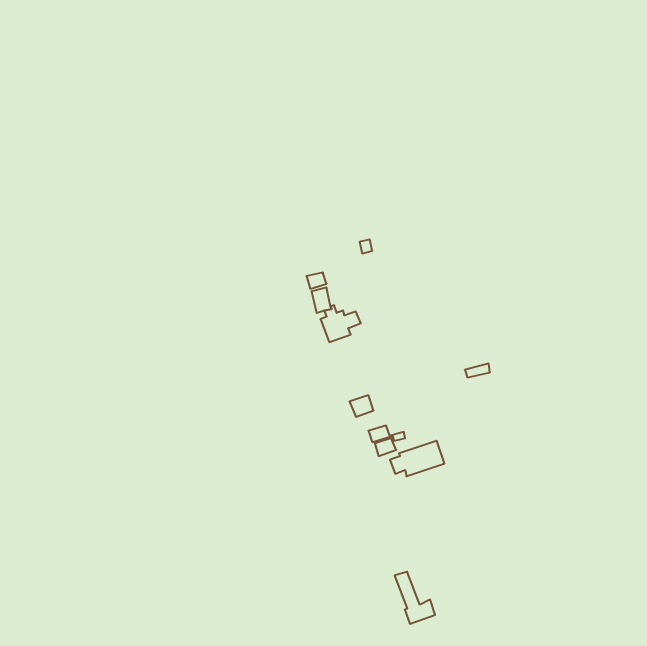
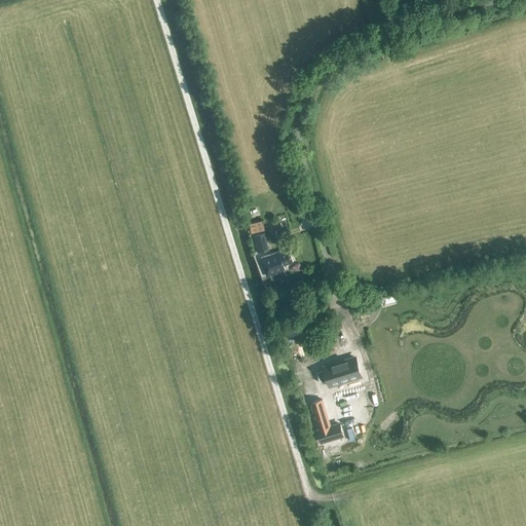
building: [395,572,435,624] -> [311,402,344,444]

